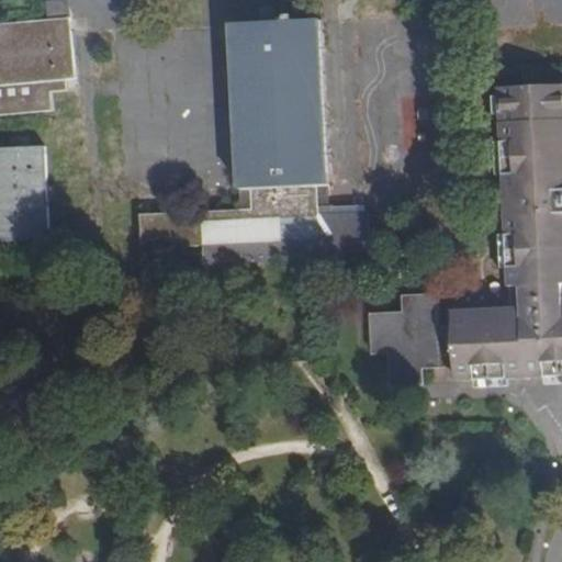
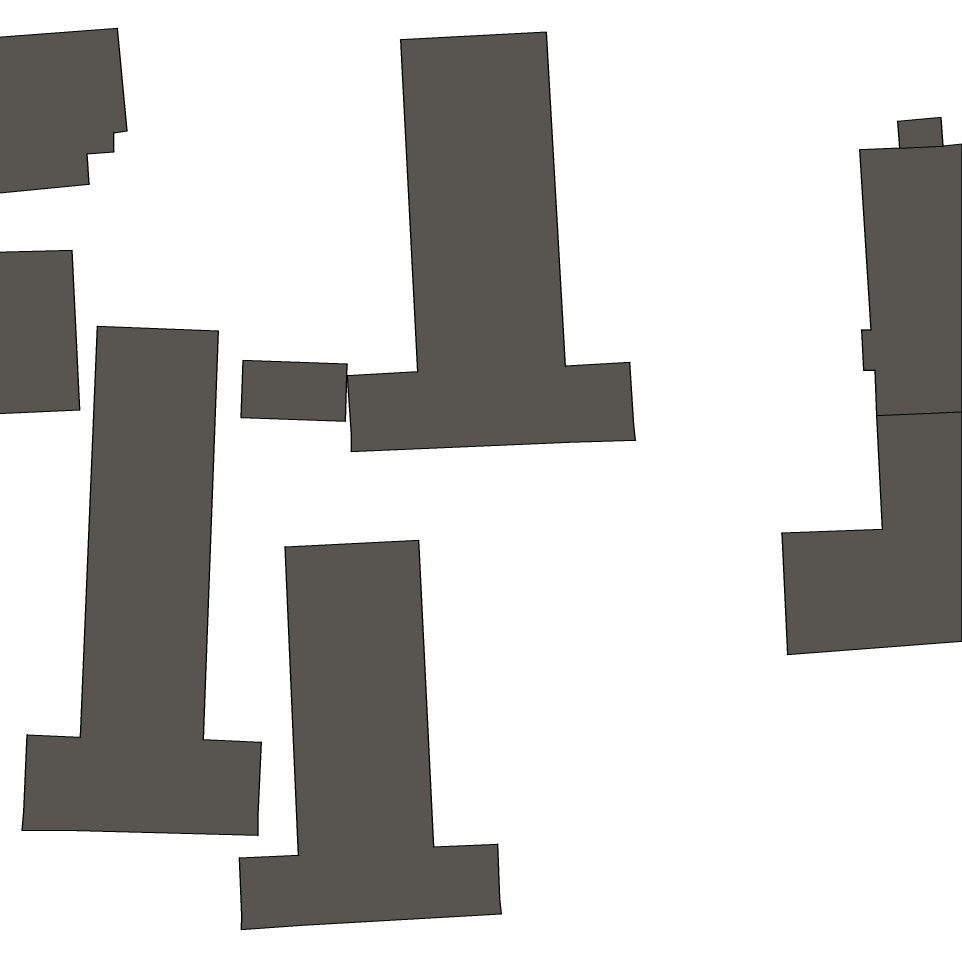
building: none -> [22,326,261,836]
building: [369,296,452,381] -> none
building: none -> [240,540,501,930]

